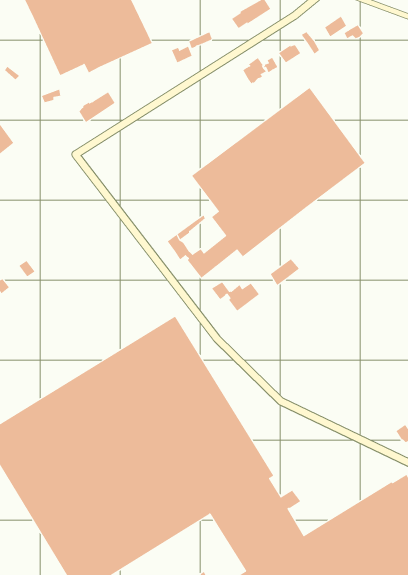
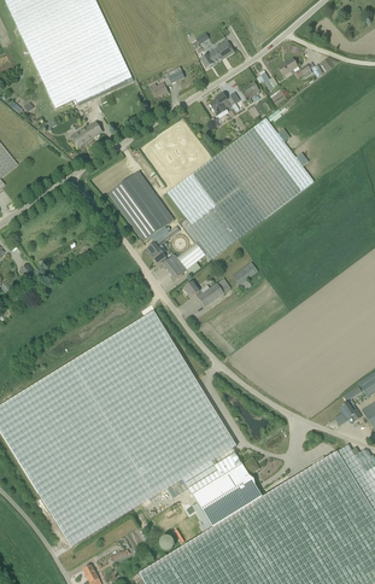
building: none -> [110,170,175,241]

